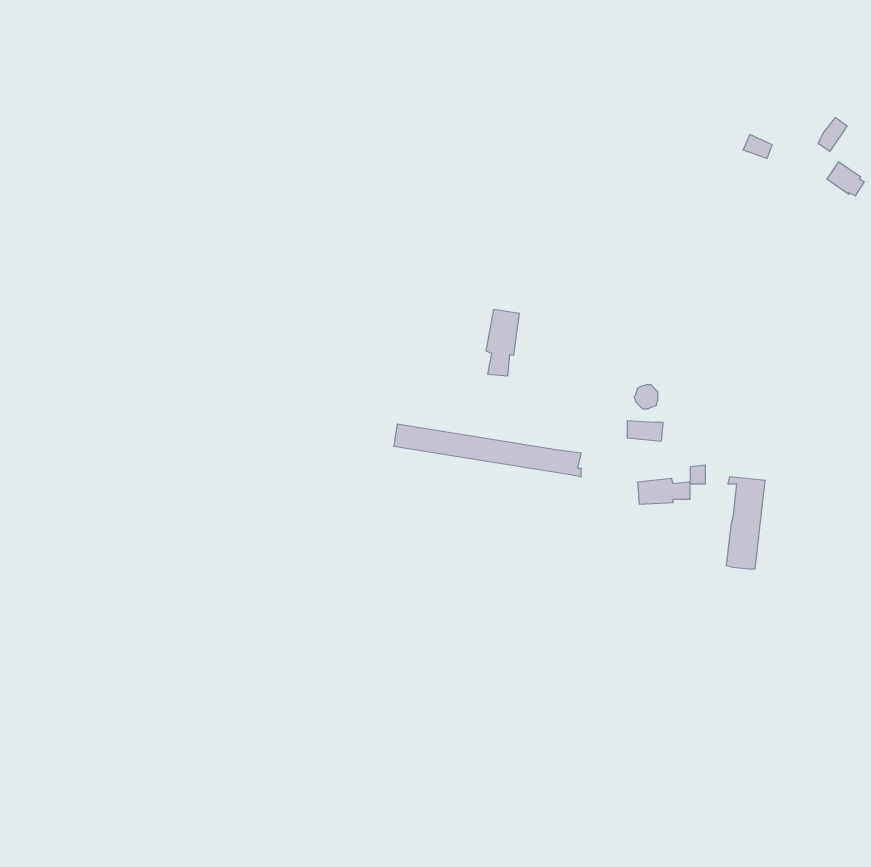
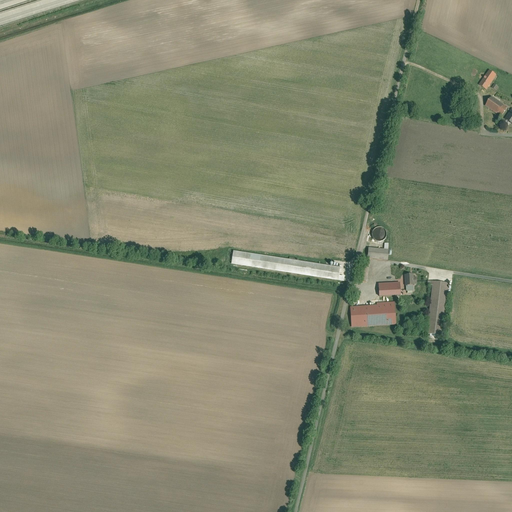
building: [486,309,519,376] -> none
building: none -> [350,300,396,326]

